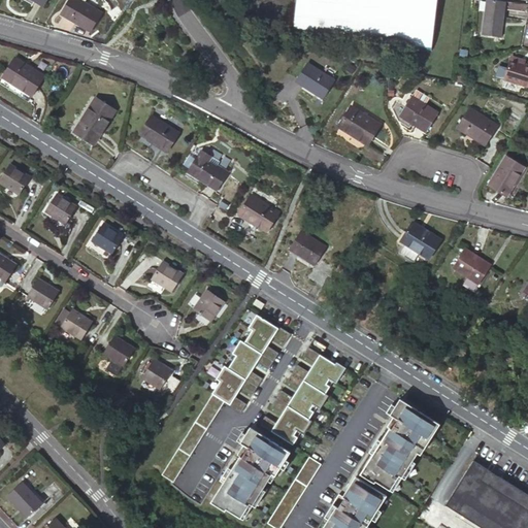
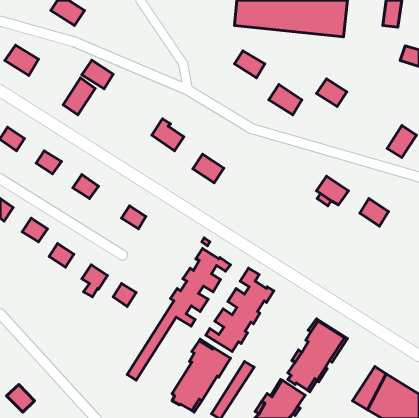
building: [455,110,495,146] -> none
building: [142,114,182,151] -> [82,60,113,89]
building: [291,232,326,263] -> none
building: [193,288,224,320] -> none

